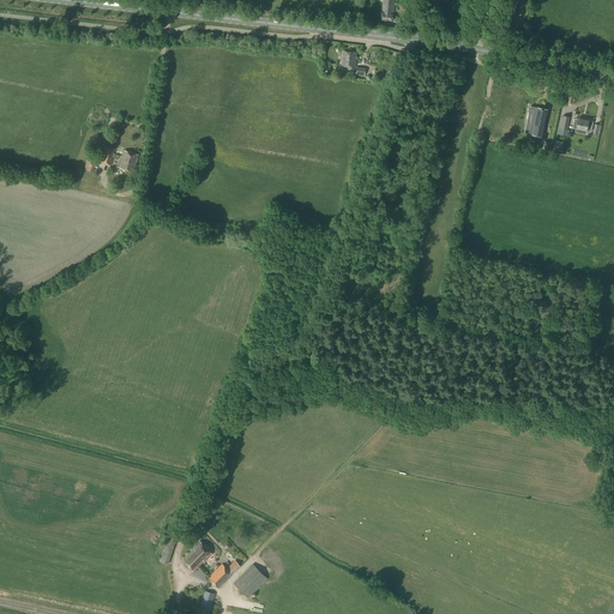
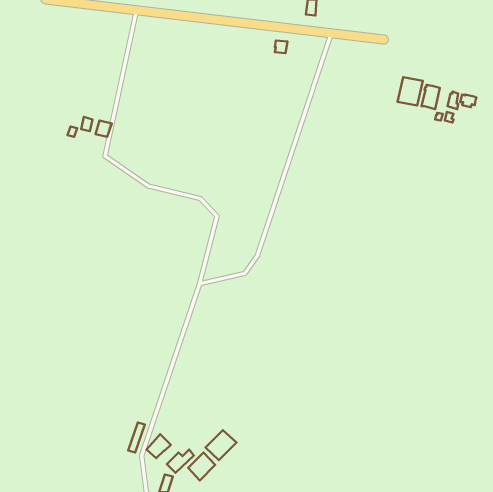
building: none -> [398,77,423,106]
building: none -> [205,430,236,460]

